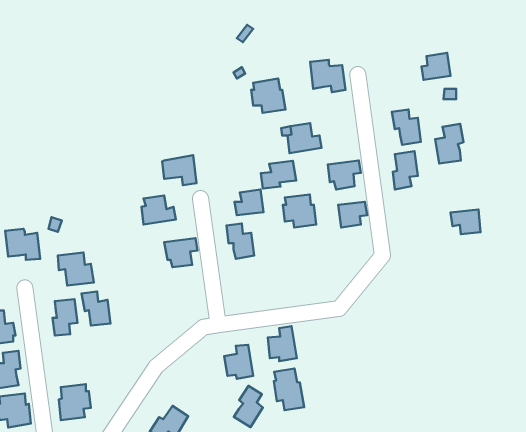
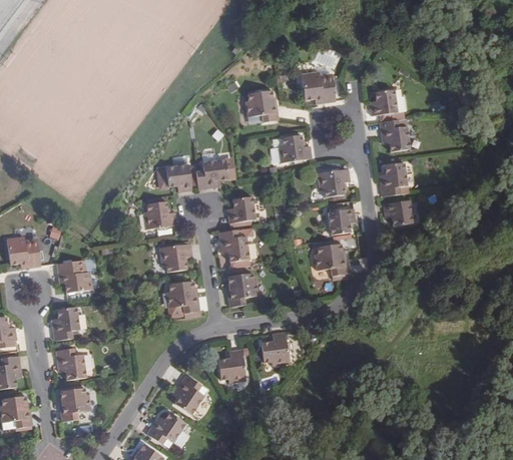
building: [421,53,450,80] -> [371,90,399,116]
building: [435,124,464,163] -> none
building: [261,161,296,189] -> [196,162,230,189]
building: [283,194,316,228] -> [315,242,347,274]
building: [451,209,481,234] -> [384,201,413,225]
building: none -> [226,271,258,305]
building: none -> [165,279,199,318]
building: [82,291,111,326] -> [54,348,82,381]
building: [274,369,304,410] -> none
building: [234,386,263,427] -> [171,371,199,411]

